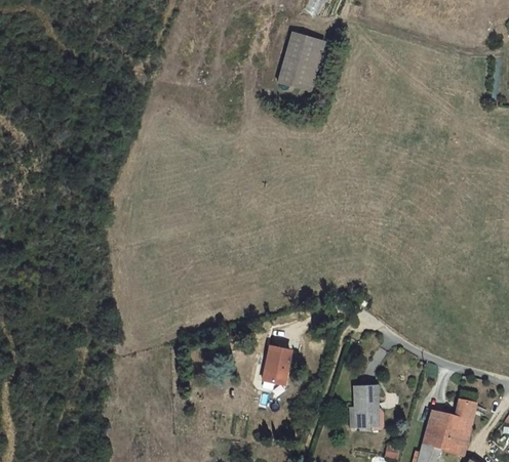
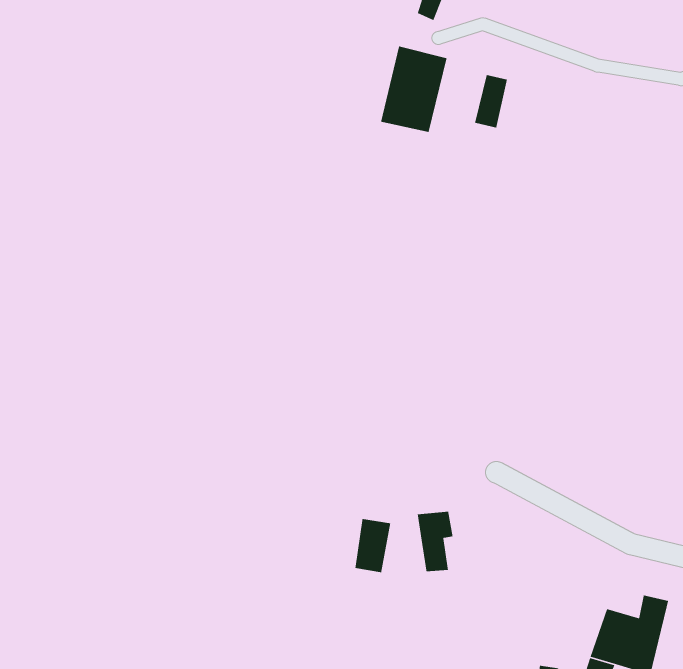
building: none -> [474,74,508,129]
building: [353,384,378,425] -> [417,511,453,572]

